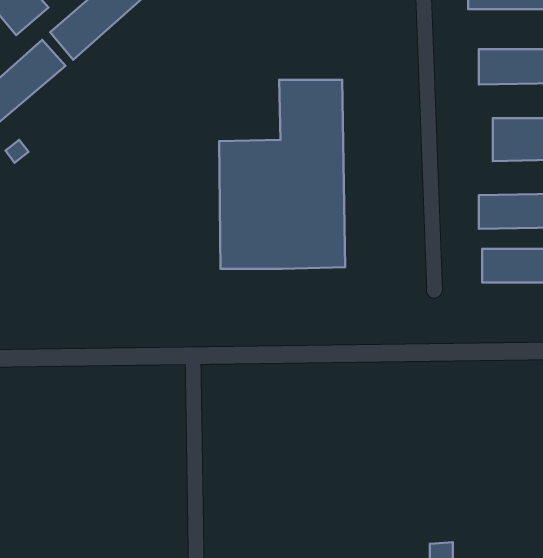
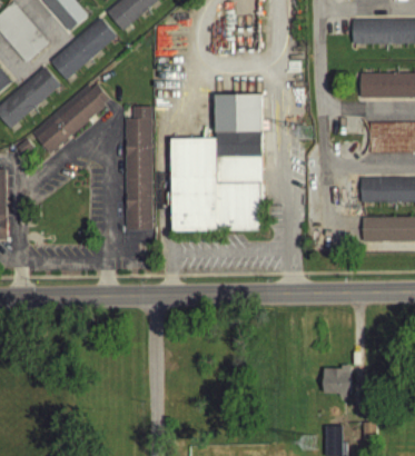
building: none -> [32,85,110,153]
building: none -> [126,106,154,229]
building: none -> [324,367,353,396]

